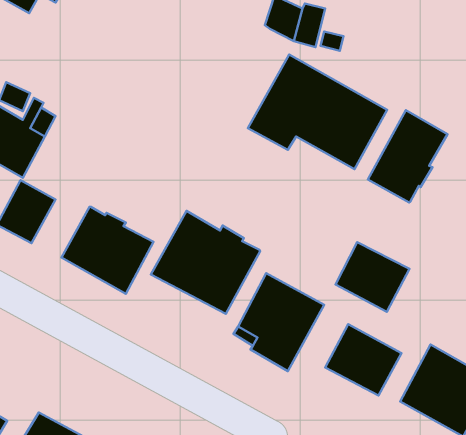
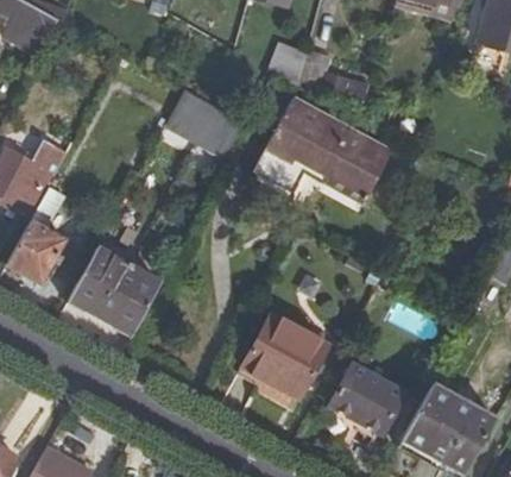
building: none -> [174,93,236,149]
building: [368,110,447,203] -> none
building: [151,211,260,314] -> none
building: [335,242,410,312] -> none

